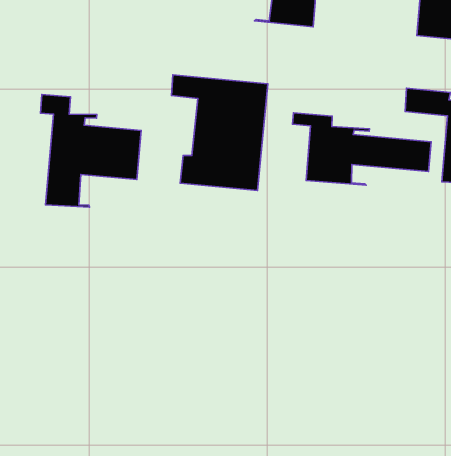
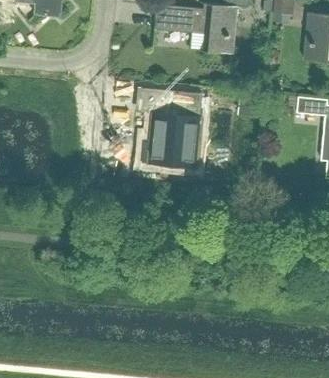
building: [40,94,141,207] -> none
building: [293,113,431,185] -> none

